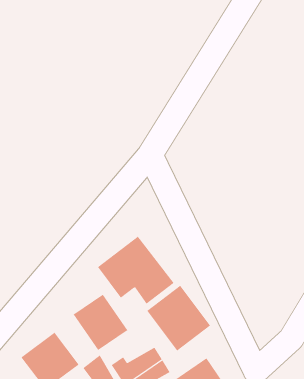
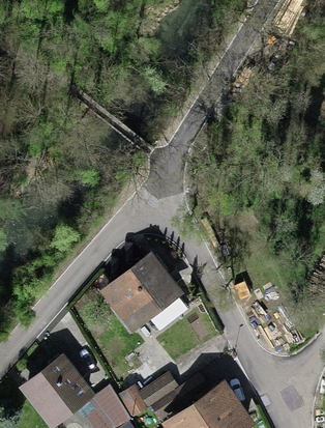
building: [147,285,211,351] -> none
building: [73,294,128,351] -> none

